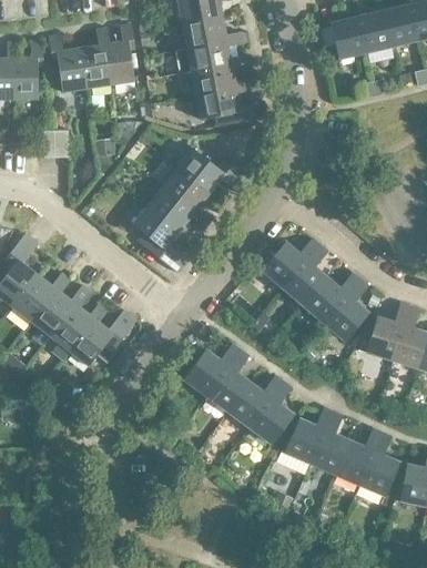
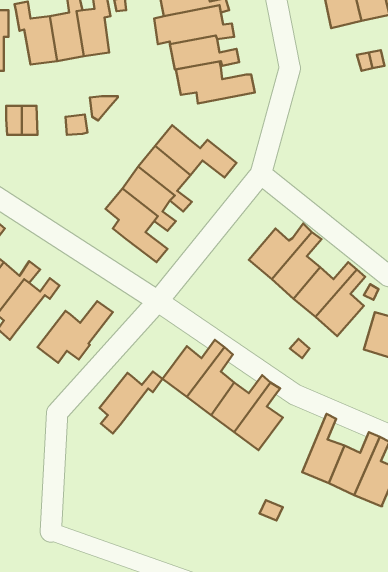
building: [51,302,109,358] -> [100,371,163,433]
building: [286,408,334,465] -> none

